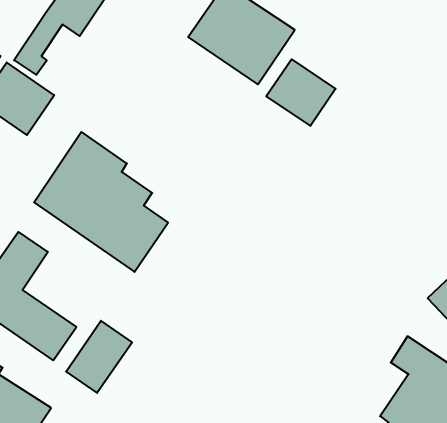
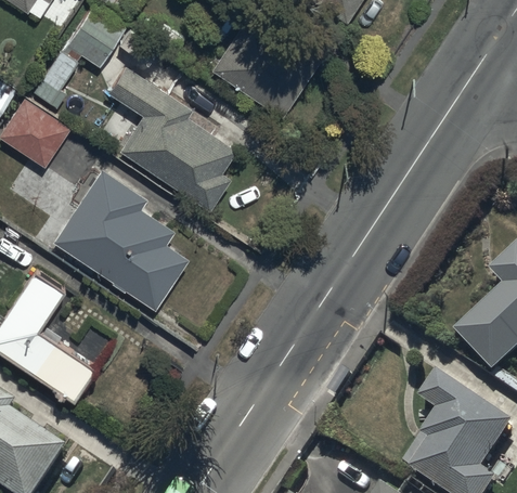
building: none -> [106,65,237,211]
building: [266,59,336,126] -> none
building: [66,321,132,393] -> none

